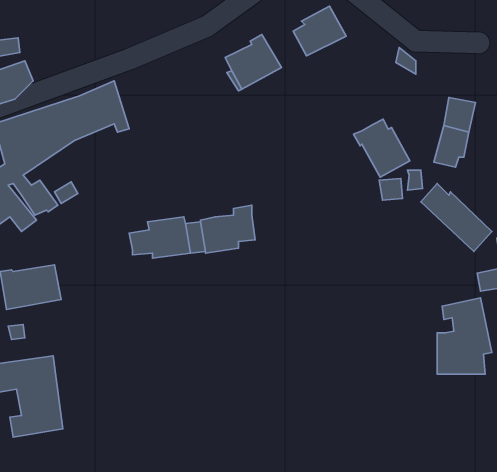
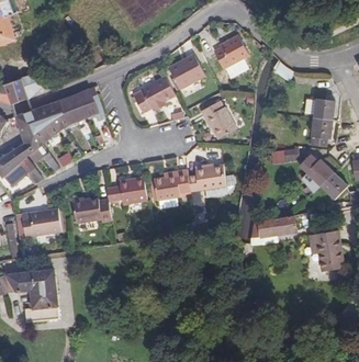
building: none -> [133,76,176,114]
building: [354,119,410,177] -> [202,101,239,139]
building: none -> [186,163,225,210]
building: none -> [69,196,110,223]
building: none -> [258,215,296,236]

